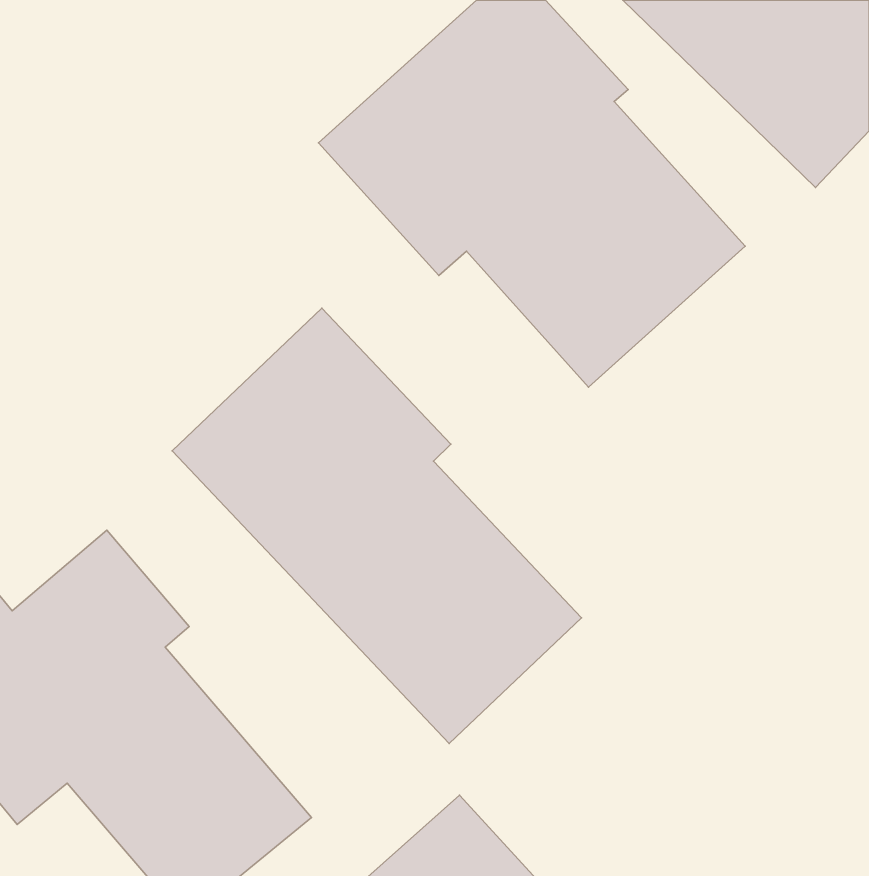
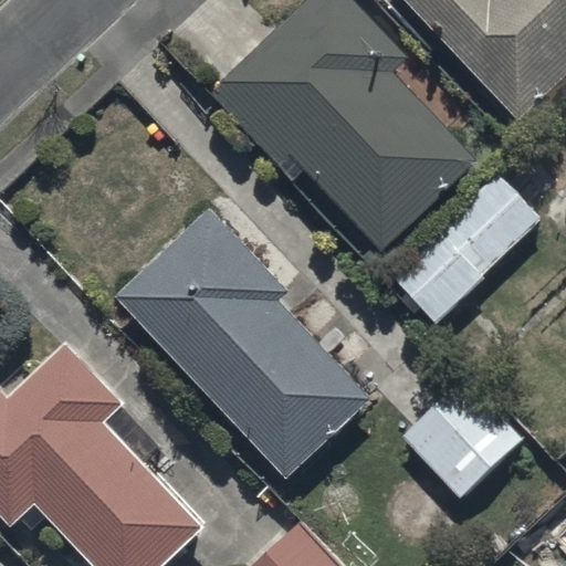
building: none -> [387,170,542,322]
building: none -> [398,373,526,501]

